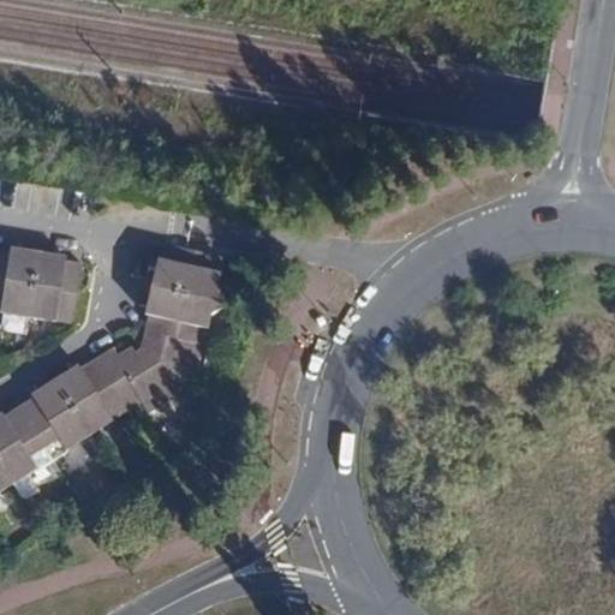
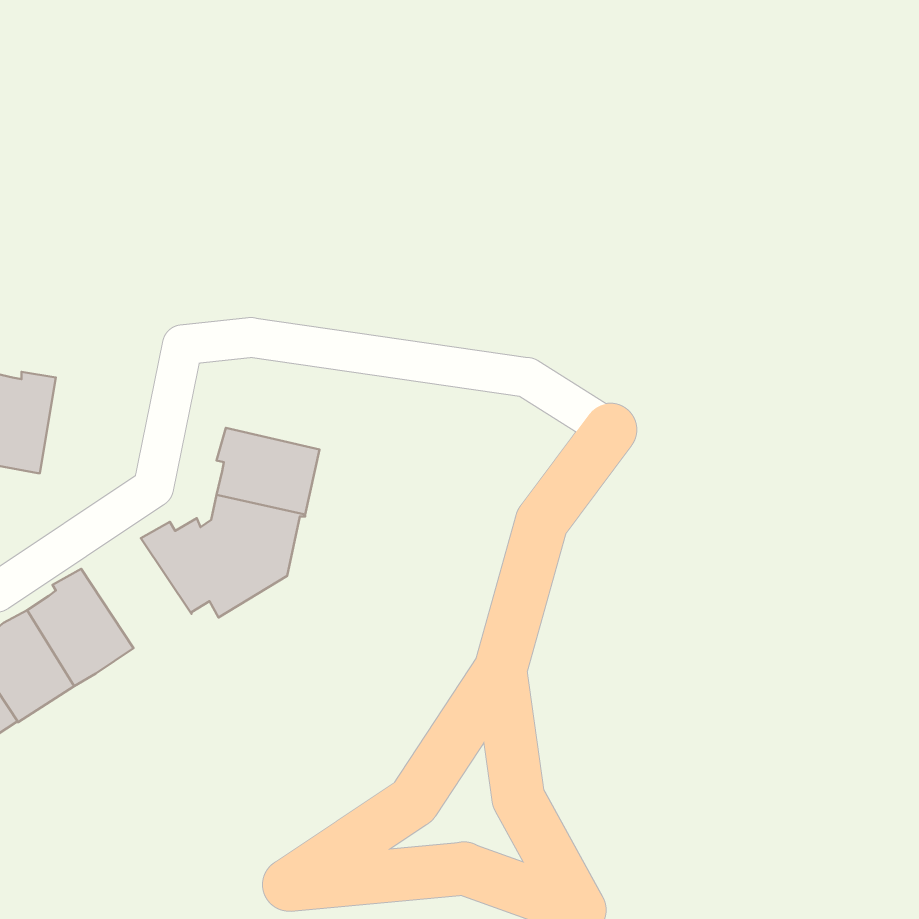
building: [150,241,222,299] -> none
building: [26,251,80,322] -> none
building: [54,358,127,431] -> none

